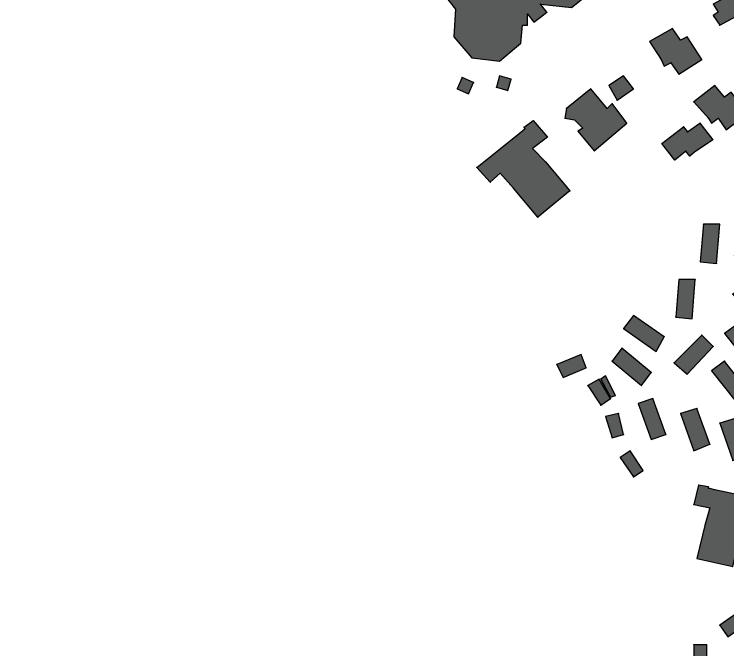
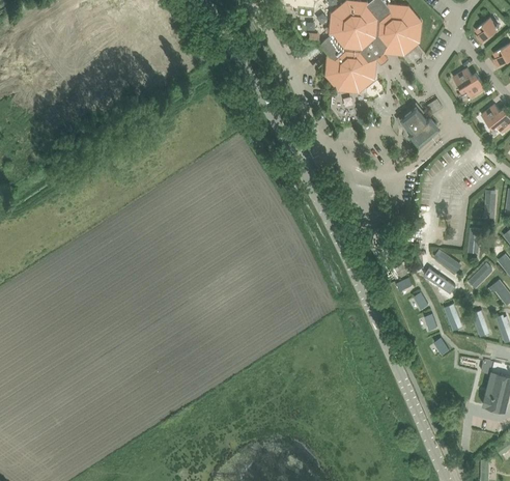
building: [477,121,570,217] -> none
building: [662,123,713,160] -> none

